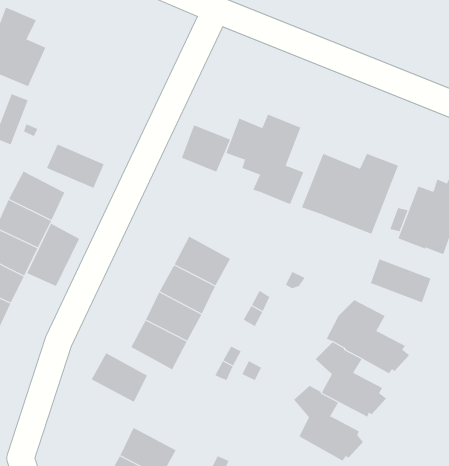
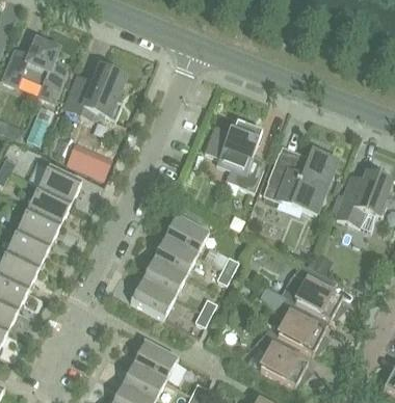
building: none -> [64,66,125,122]
building: [181,125,231,173] -> none
building: [27,223,80,287] -> none
building: [370,258,431,303] -> none
building: [91,352,148,403] -> [133,341,177,379]

